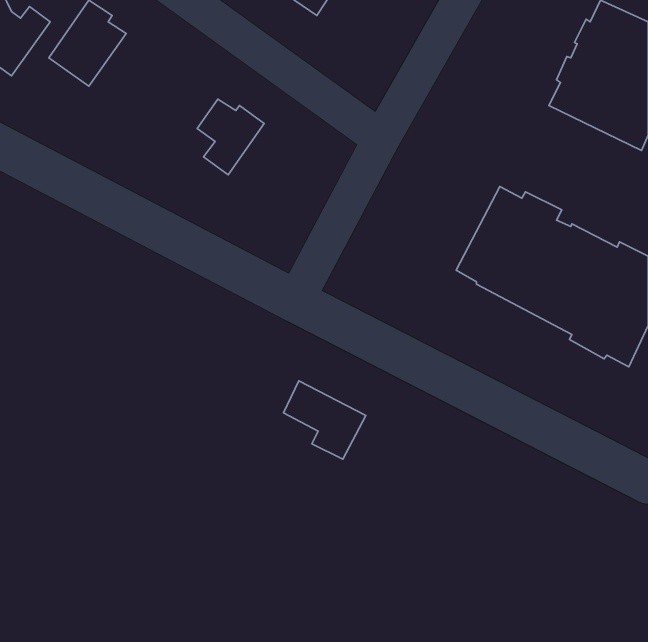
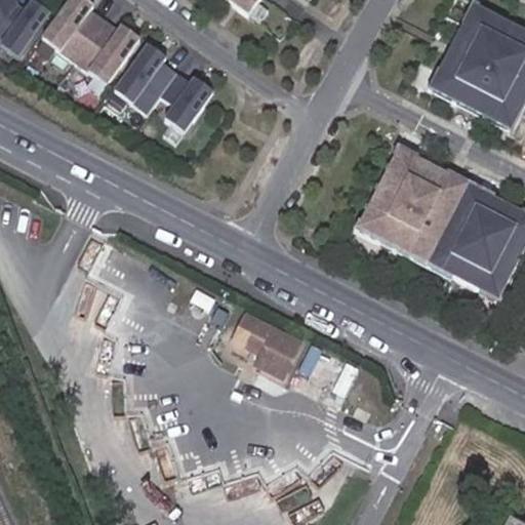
building: none -> [71,27,135,91]
building: none -> [112,51,173,120]

